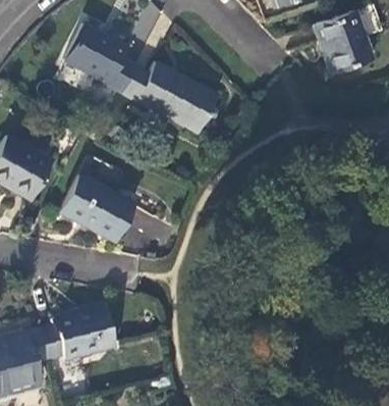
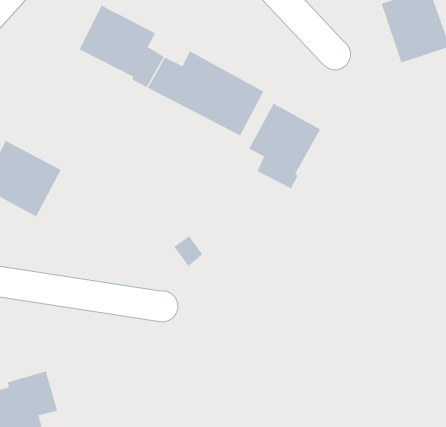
building: none -> [248,103,321,189]
building: [62,175,135,241] -> none
building: [41,302,116,358] -> none

